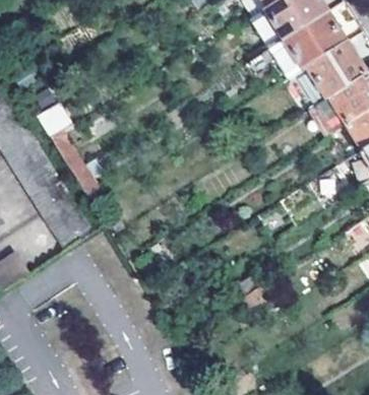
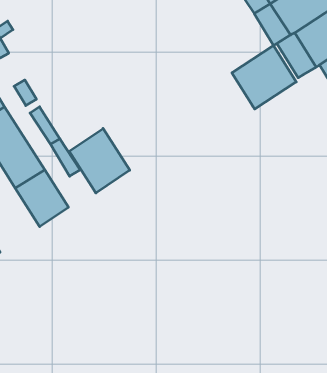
building: none -> [232,46,296,109]
building: none -> [69,128,130,193]

